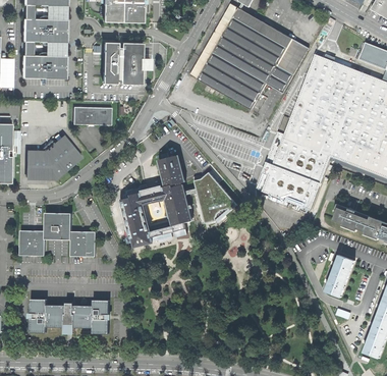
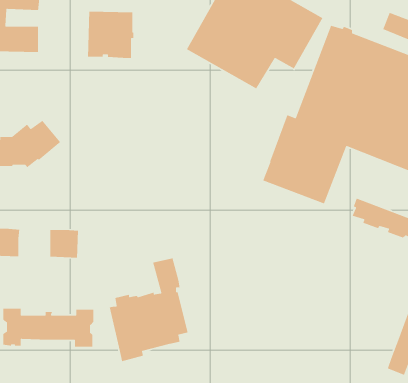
building: [72,106,111,123] -> none
building: [122,155,191,246] -> [109,258,189,362]
building: [44,212,71,239] -> none
building: [324,255,353,297] -> none

